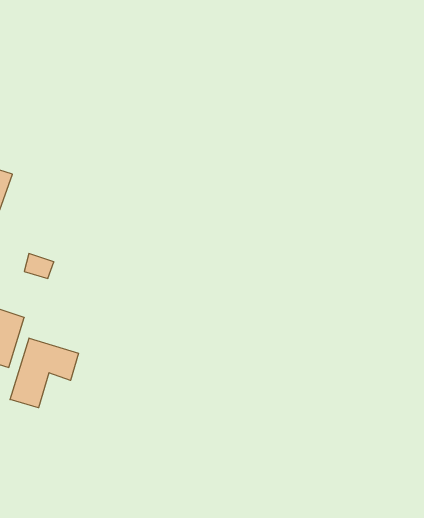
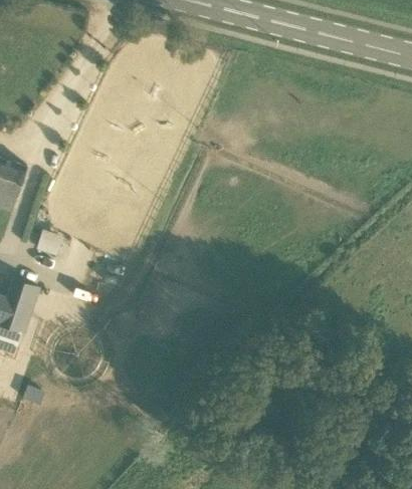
building: [10,338,78,408] -> none

